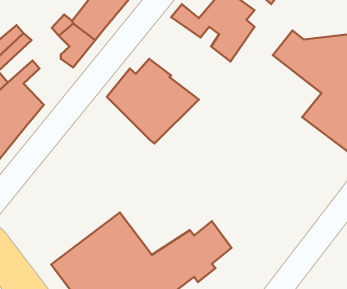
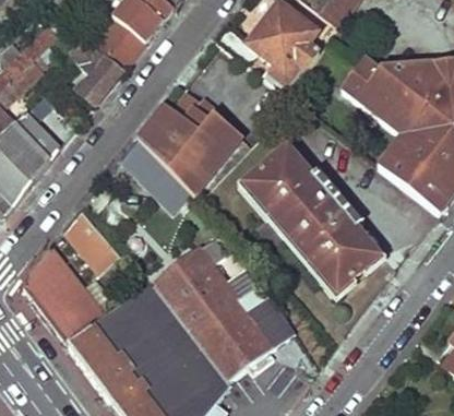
building: none -> [121,139,190,212]
building: none -> [244,146,378,289]
building: none -> [63,210,119,271]
building: none -> [153,238,266,334]
building: none -> [22,248,112,346]

